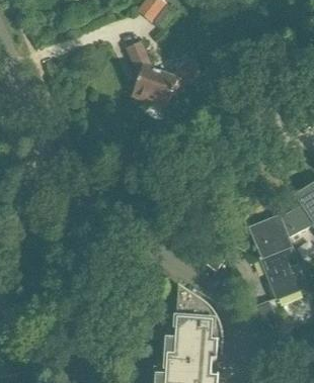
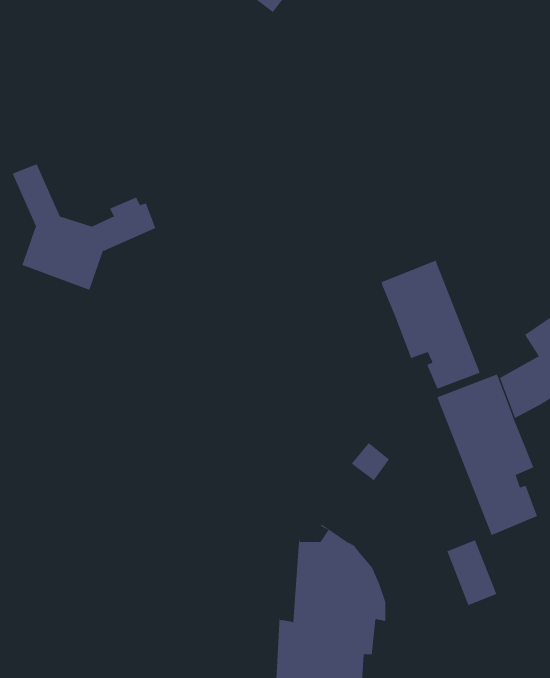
building: [127,40,202,106] -> [12,164,156,290]
building: none -> [381,260,480,390]

